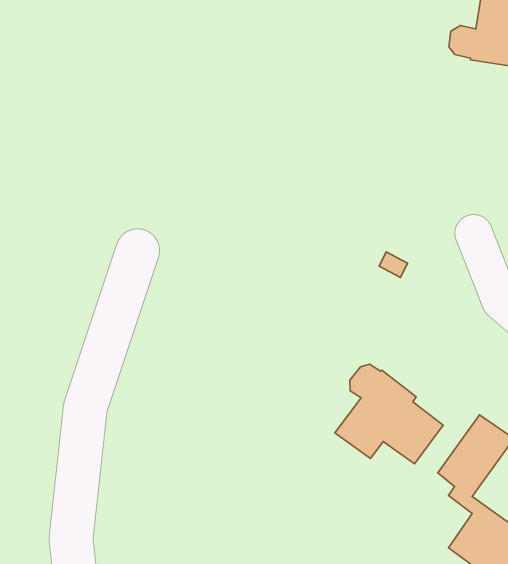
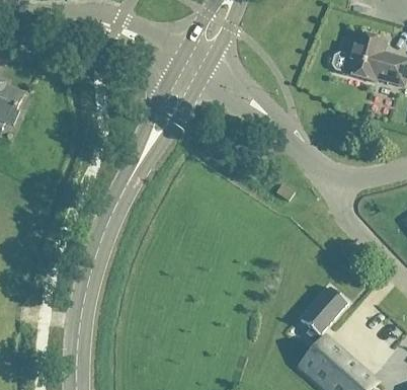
building: [335,364,443,464] -> none

